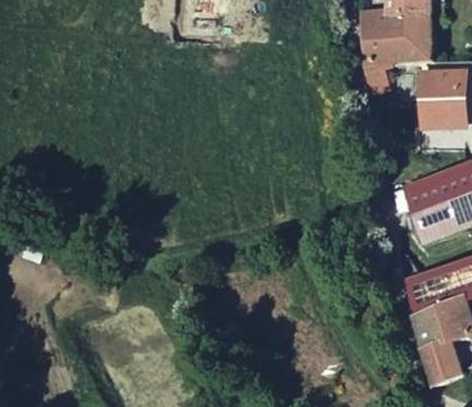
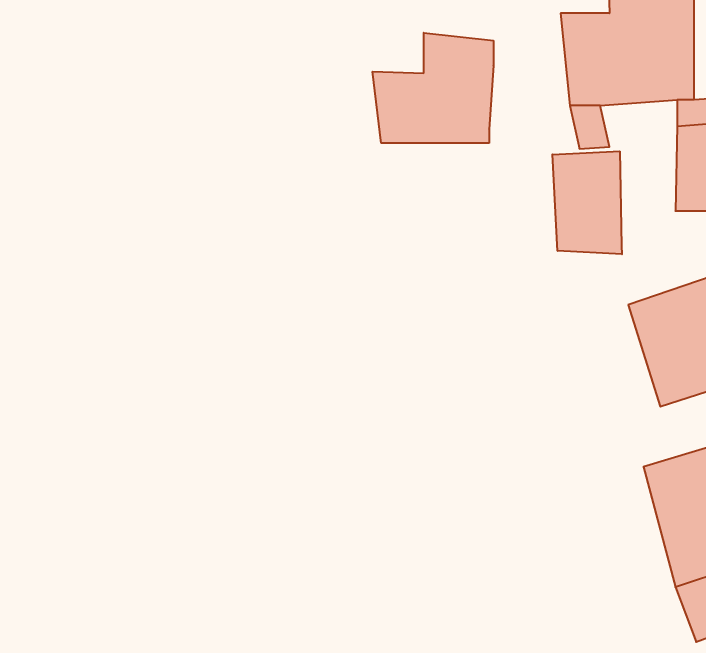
building: none -> [373,33,493,143]
building: none -> [552,151,622,254]

